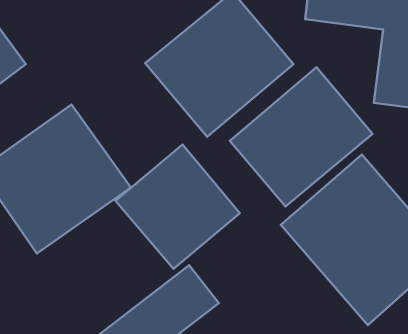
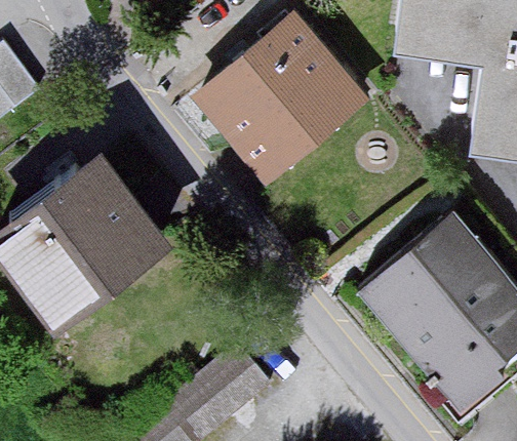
building: [230,67,372,207] -> none
building: [115,145,240,269] -> none

